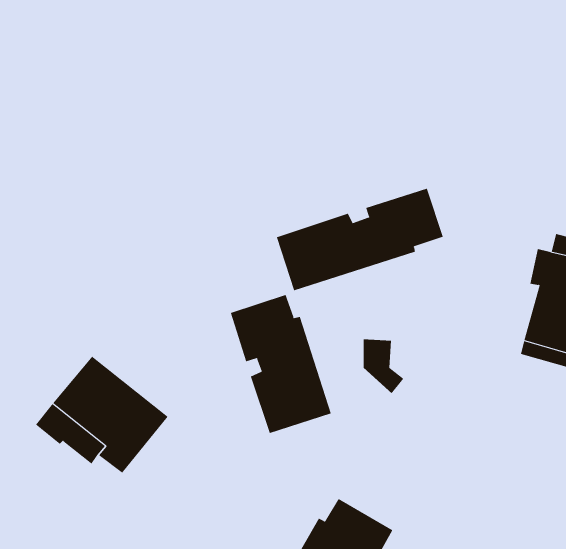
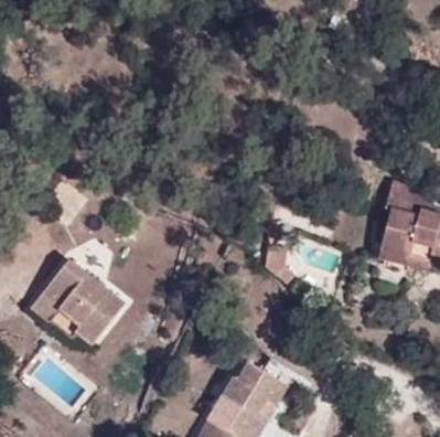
building: [276,188,444,291] -> none
building: [230,294,331,434] -> none

